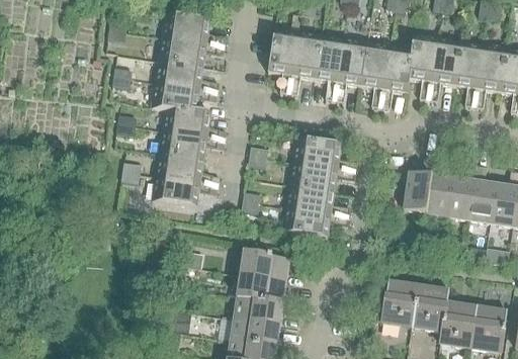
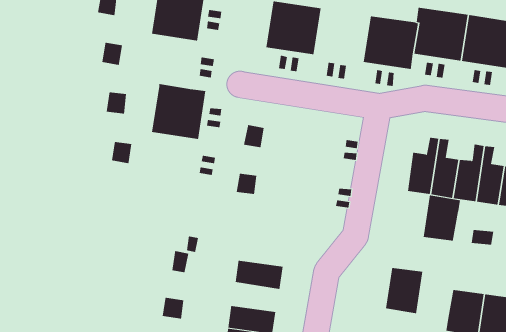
building: [315,34,368,86] -> none
building: [152,59,203,111] -> none
building: [282,138,341,238] -> none
building: [152,153,204,206] -> none
building: [242,253,288,281] -> none
building: [413,286,449,331] -> [423,195,461,241]
building: [235,296,282,325] -> none

